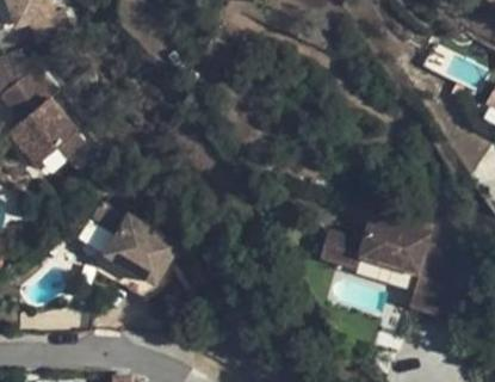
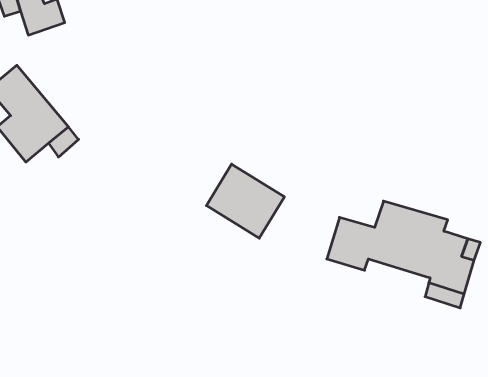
building: [100,212,174,283] -> [206,164,284,238]

